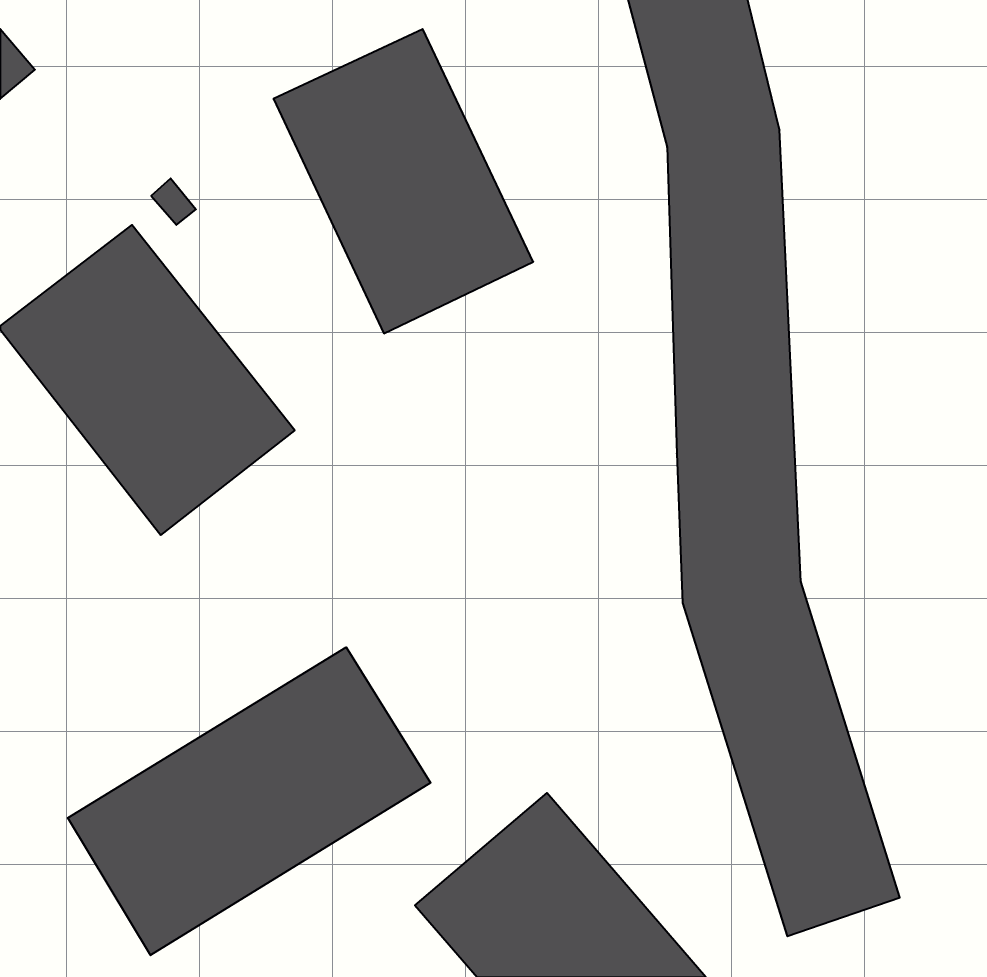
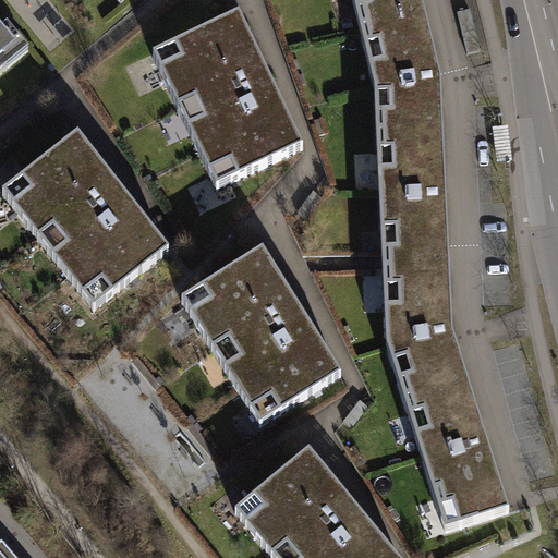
building: none -> [183,245,338,415]
building: [68,647,431,955] -> none

